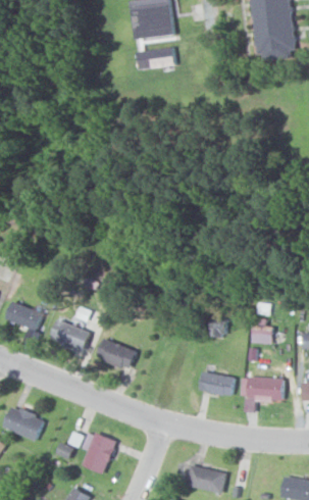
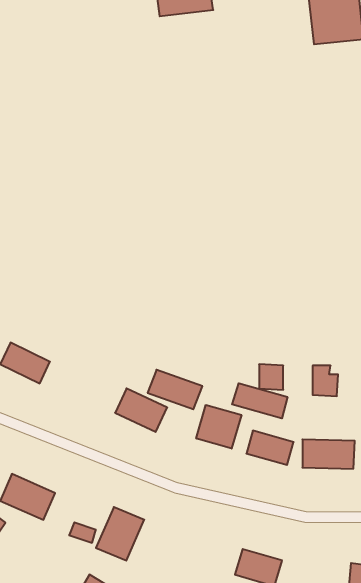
building: [132,47,172,68] -> none
building: [47,319,91,351] -> [148,370,202,409]
building: none -> [232,383,287,418]
building: none -> [196,405,241,449]

